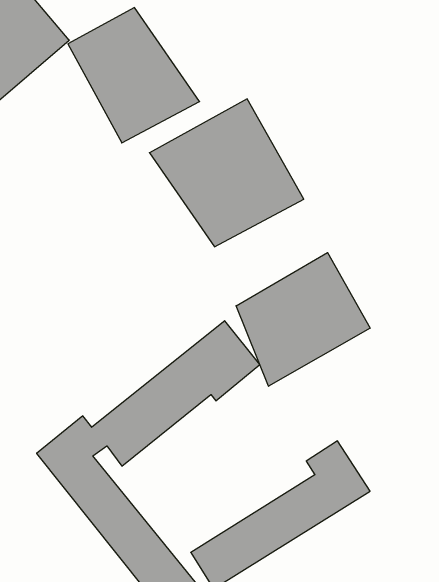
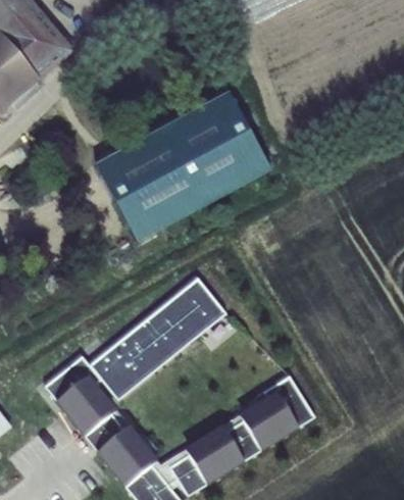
building: [68,8,200,143] -> [84,139,191,249]
building: [236,253,370,386] -> none

